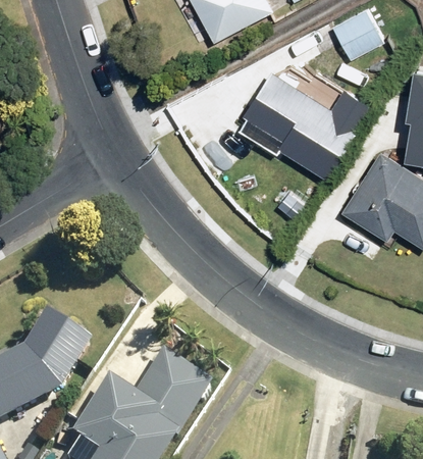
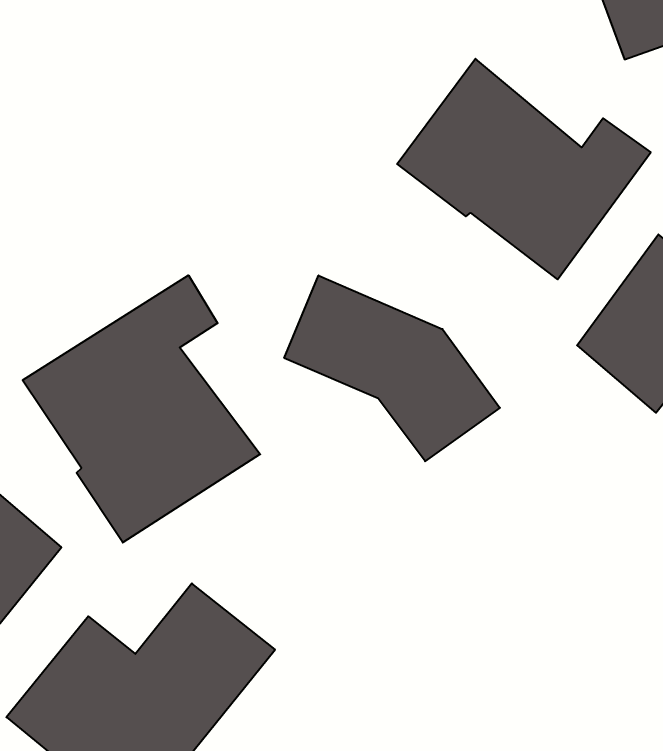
building: none -> [284,275,500,461]
building: none -> [23,275,260,543]

